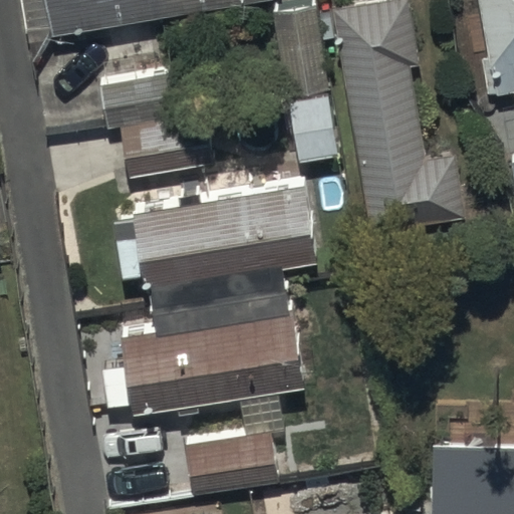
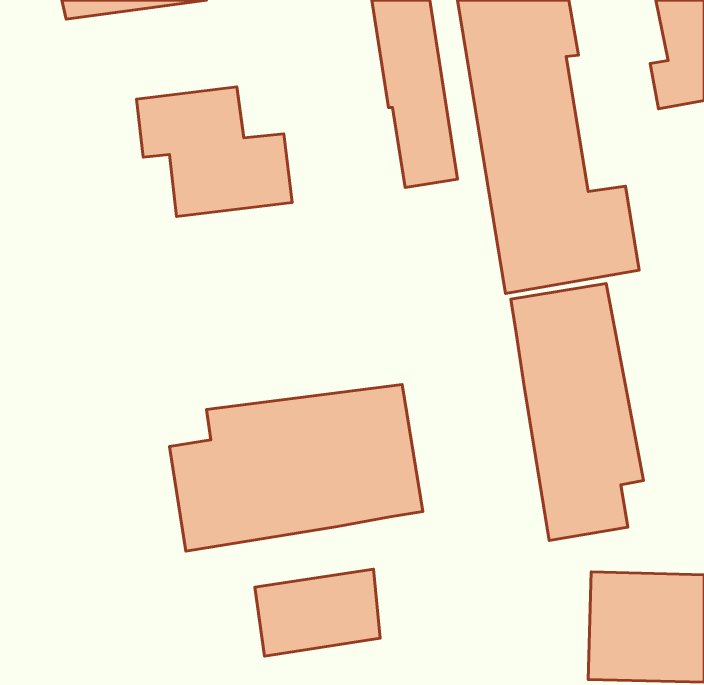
building: [125,196,319,312] -> none
building: none -> [511,284,644,540]

